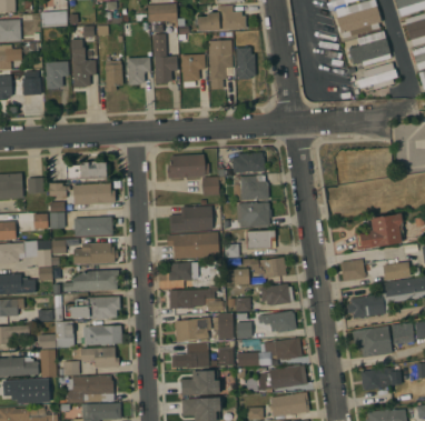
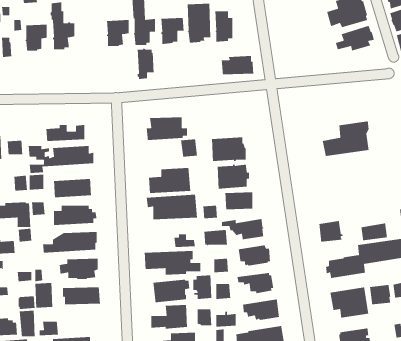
building: [105,60,122,92] -> [137,48,155,80]
building: [231,152,265,172] -> [221,55,254,75]
building: [354,213,402,250] -> [322,121,369,157]
building: [168,262,192,287] -> none
building: [80,348,119,368] -> none

